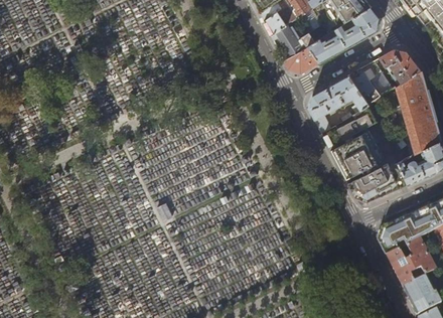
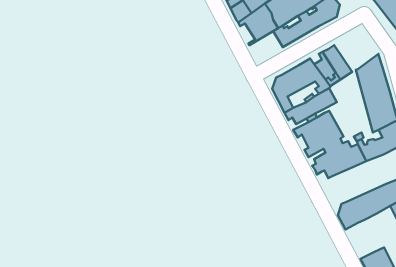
building: [284,43,319,70] -> none
building: [380,47,421,84] -> none
building: [386,236,435,285] -> none

